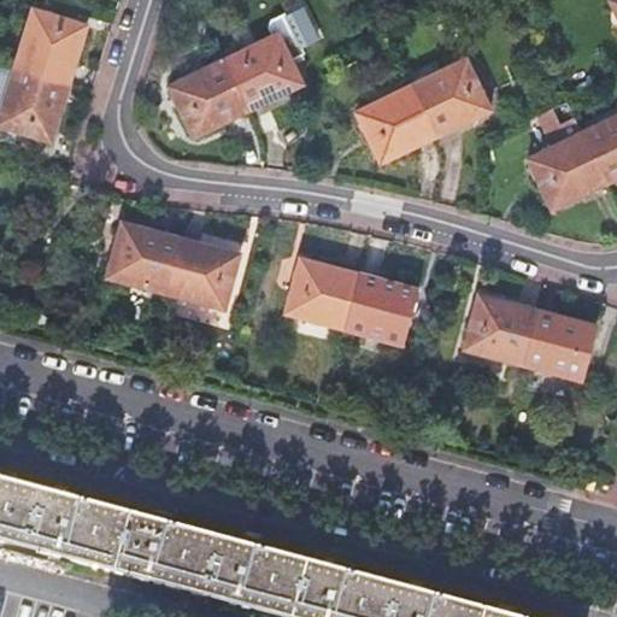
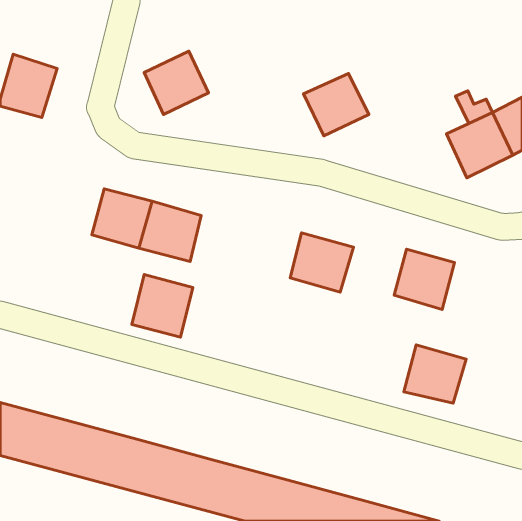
building: [16,8,84,81] -> none
building: [223,11,319,110] -> none
building: [411,60,488,135] -> none
building: [287,259,355,328] -> none
building: [522,310,595,378] -> [404,345,466,403]
building: none -> [132,275,193,337]

